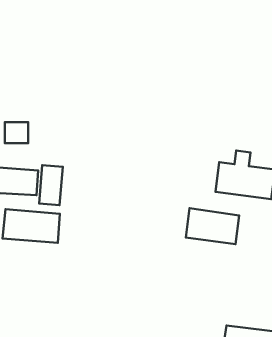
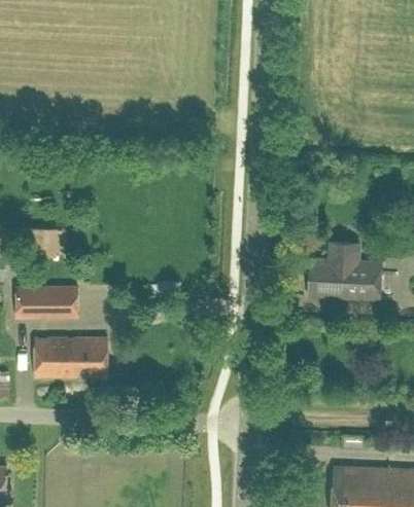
building: [39,165,63,205] -> none
building: [186,208,239,244] -> none

